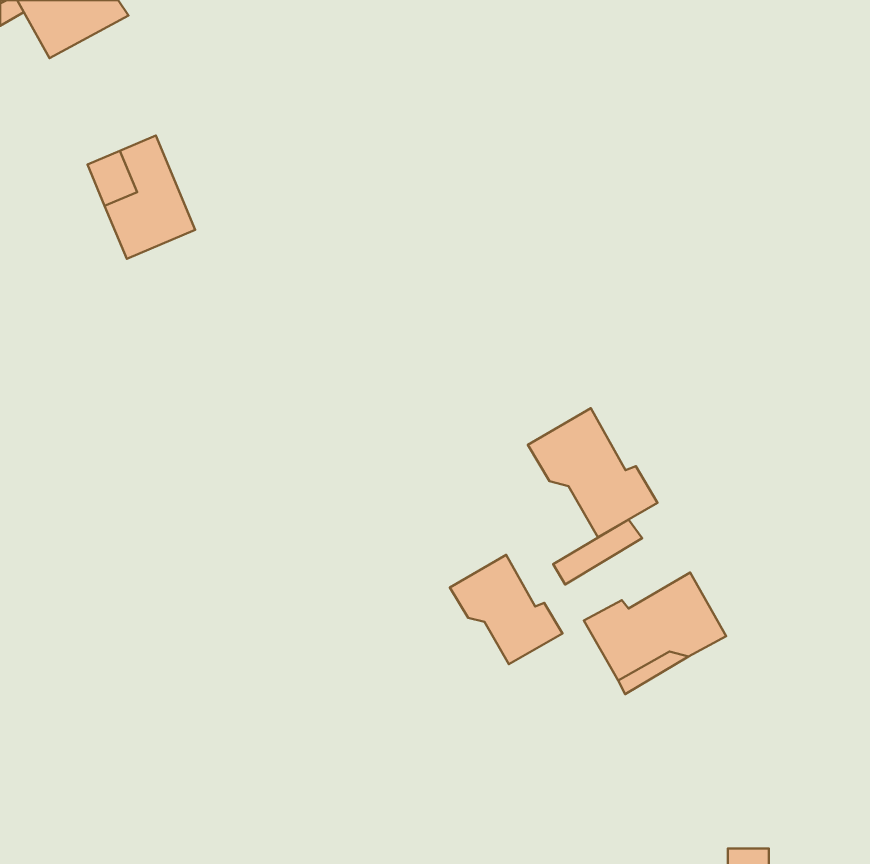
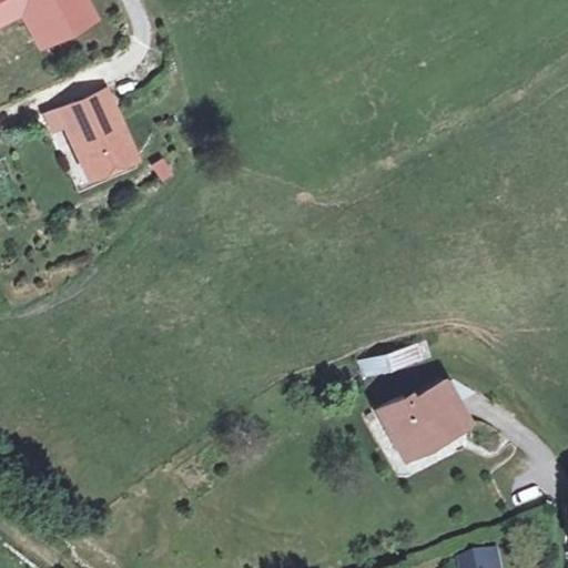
building: [528,408,658,537] -> none
building: [450,555,562,664] -> none

